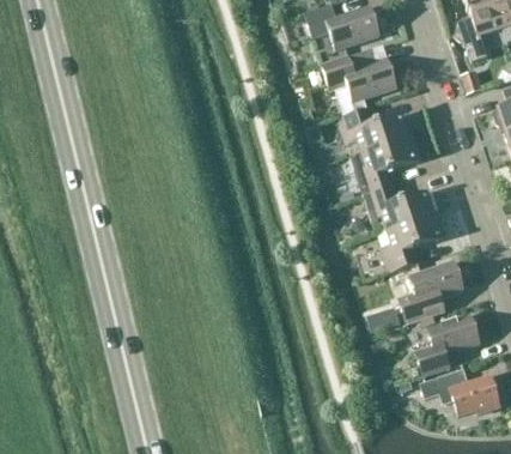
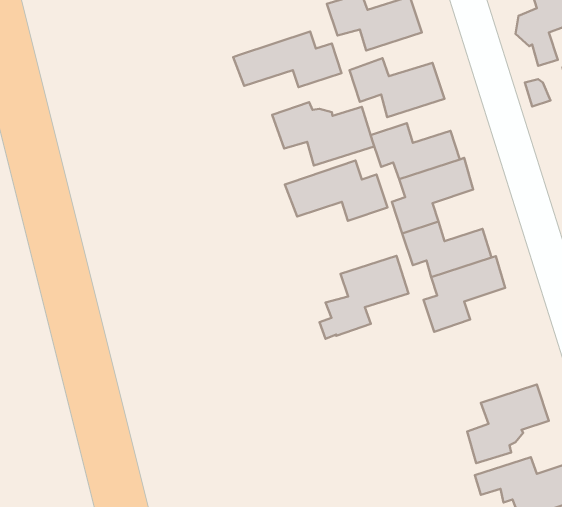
building: none -> [233,32,342,87]
building: none -> [272,102,374,165]
building: none -> [285,161,387,221]
building: [394,260,464,326] -> [319,256,409,339]

